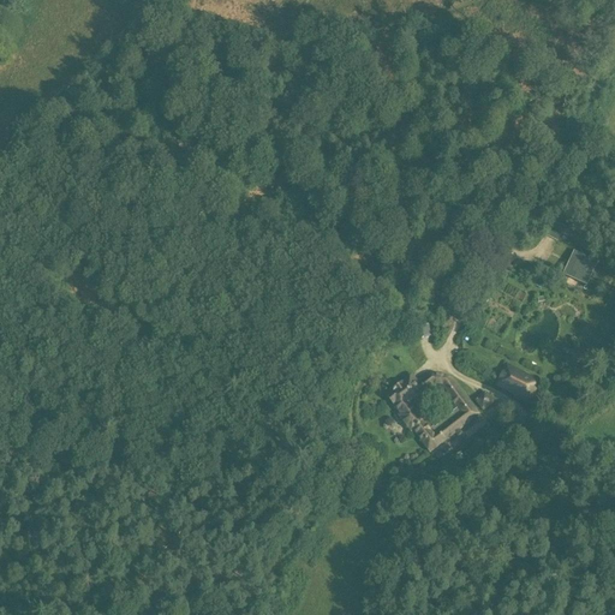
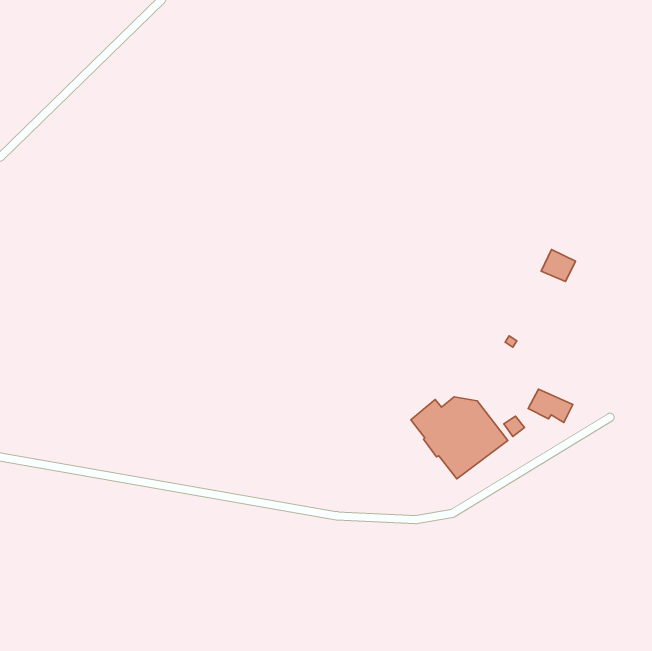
building: [563,251,596,281] -> [541,250,576,282]

